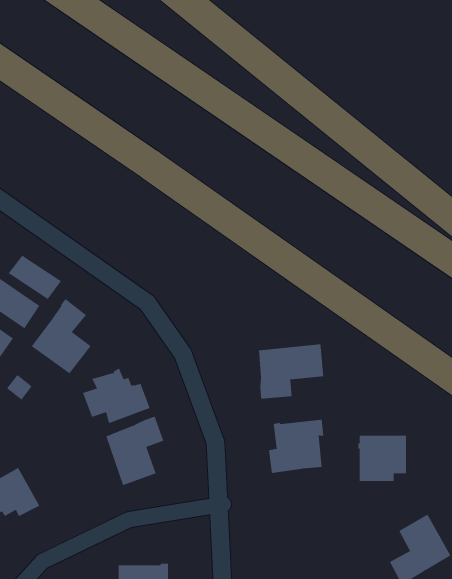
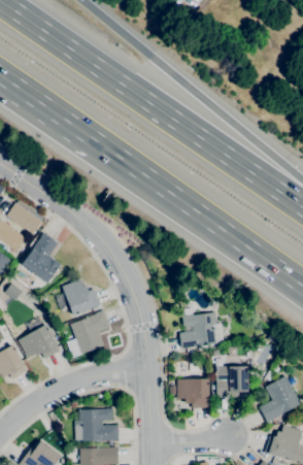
building: [259,343,324,399] -> none
building: none -> [19,317,61,359]
building: [357,435,407,482] -> [215,366,248,397]
building: none -> [176,378,210,407]

